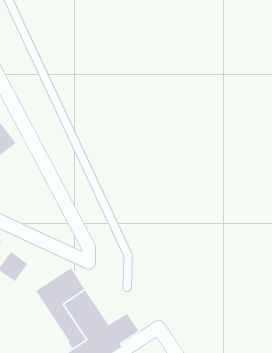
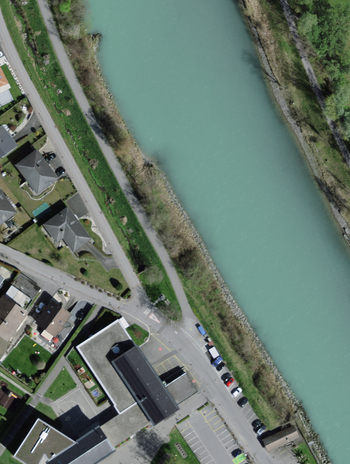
building: none -> [44,207,91,251]

